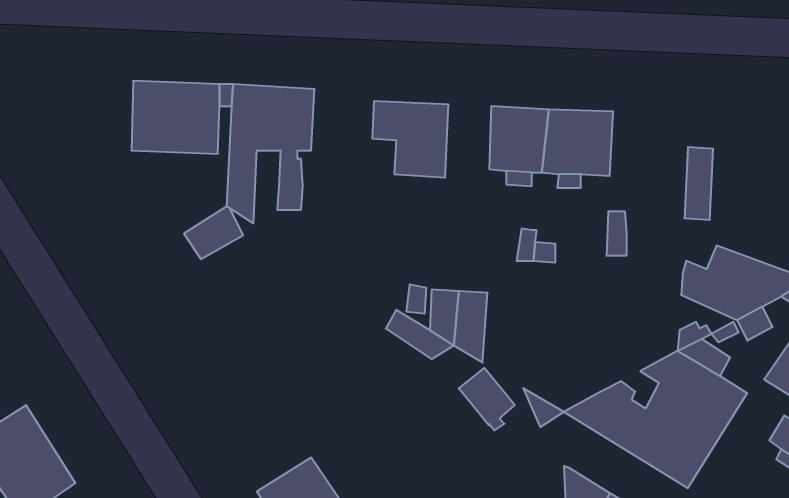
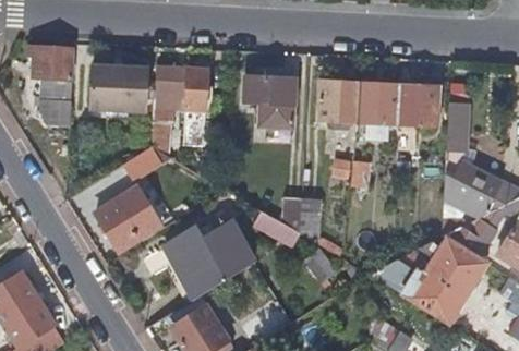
building: none -> [33,46,74,129]
building: none -> [398,83,439,126]
building: none -> [95,185,158,247]
building: none -> [164,221,254,298]

